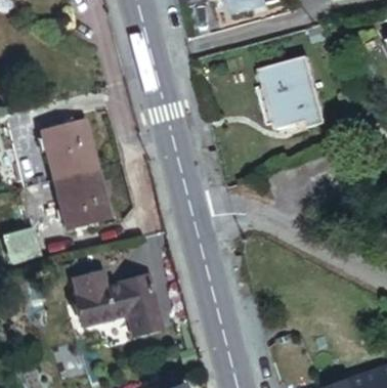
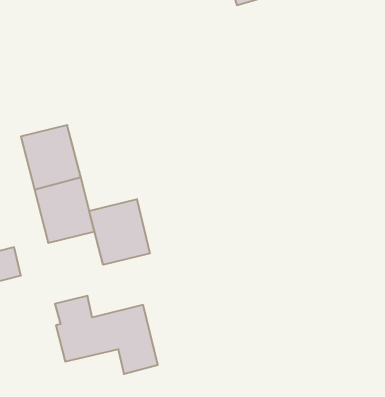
building: [260,55,328,130] -> none
building: none -> [89,199,150,265]

